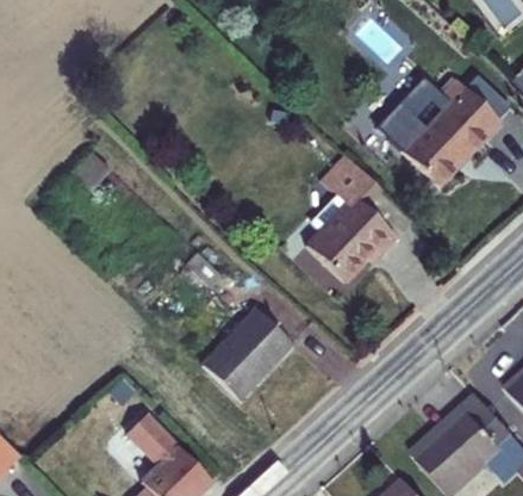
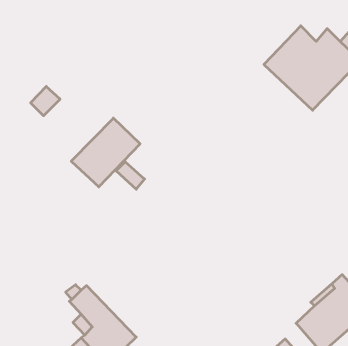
building: [307,155,398,281] -> none
building: [201,308,291,397] -> [71,118,140,187]

